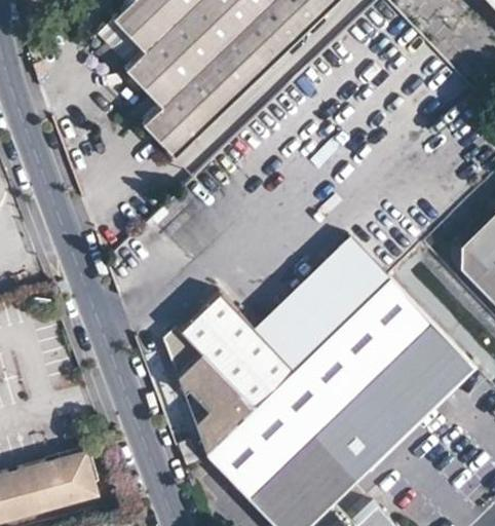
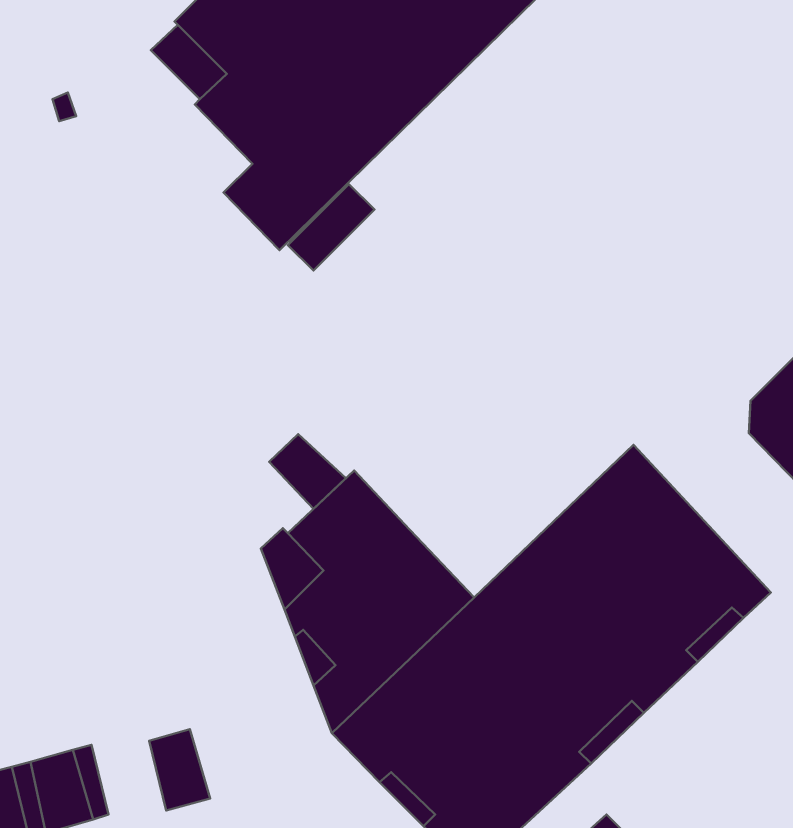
building: [255,236,390,370] -> none
building: none -> [269,434,346,509]
building: [62,452,99,501] -> [149,729,210,810]

